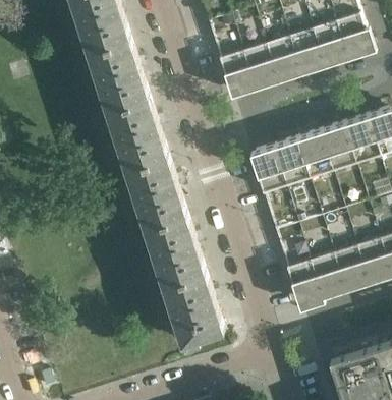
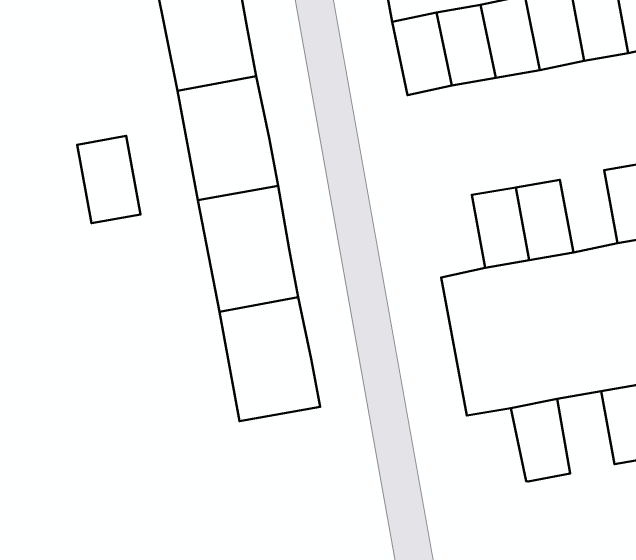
building: [318,124,353,171] -> none
building: none -> [77,136,140,223]
building: [247,147,283,193] -> none
building: [331,244,367,291] -> none
building: [283,260,322,309] -> none
building: [160,272,221,347] -> none

